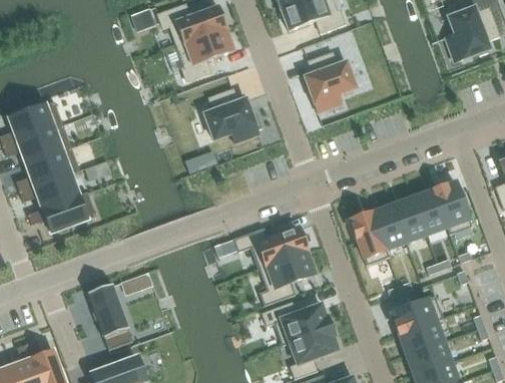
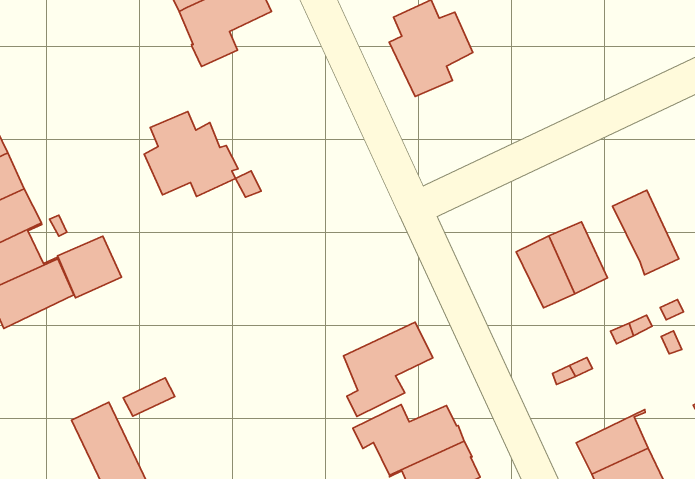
building: [204,88,262,141] -> [144,111,238,197]
building: none -> [57,236,122,298]
building: [414,188,448,233] -> none
building: [351,212,389,264] -> none
building: [233,227,306,267] -> none
building: [391,295,443,333] -> none

